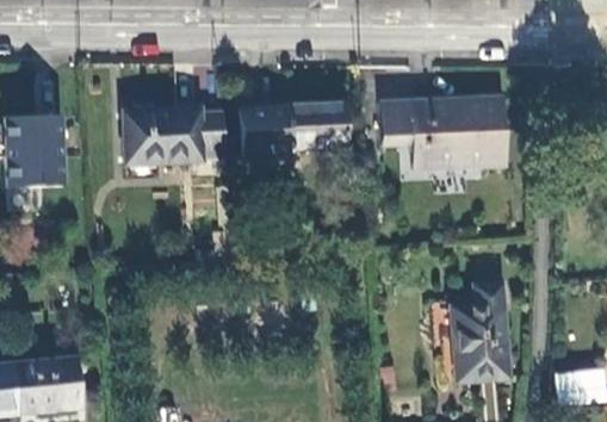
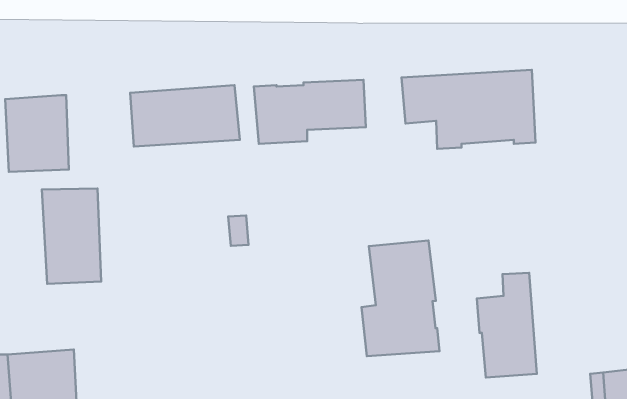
building: none -> [42,188,101,284]
building: none -> [362,240,440,356]

